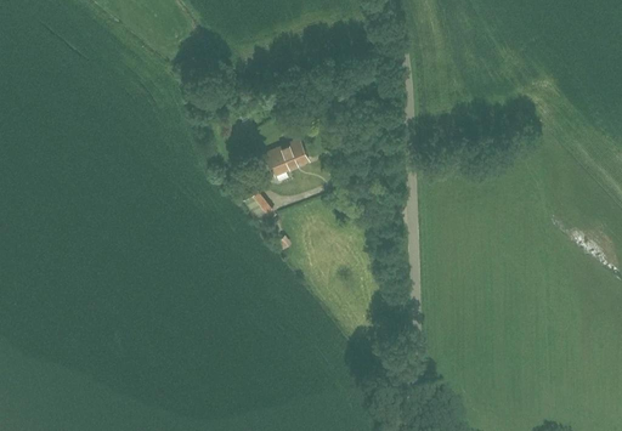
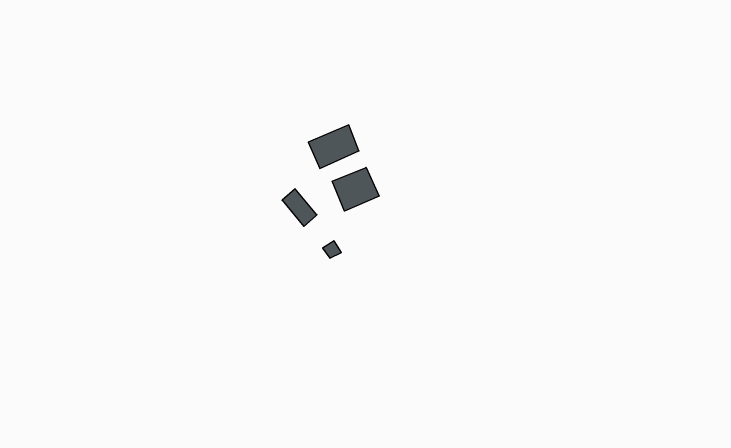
building: none -> [332,167,379,211]

